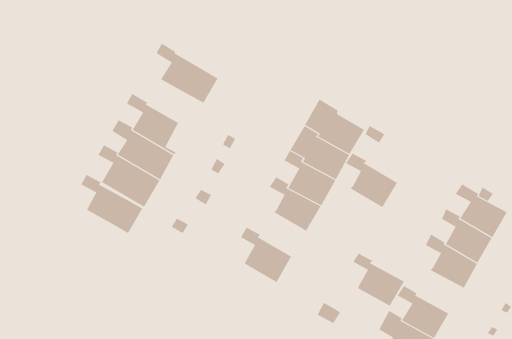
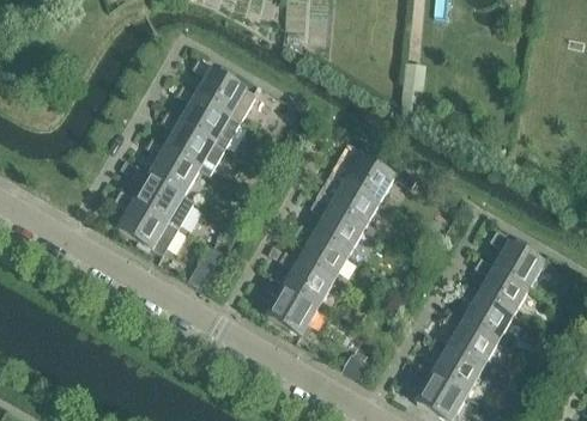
building: none -> [190,57,256,121]
building: [345,153,398,208] -> [278,250,333,307]
building: [81,174,143,234] -> [159,111,225,173]
building: [352,253,405,306] -> [443,311,498,367]

